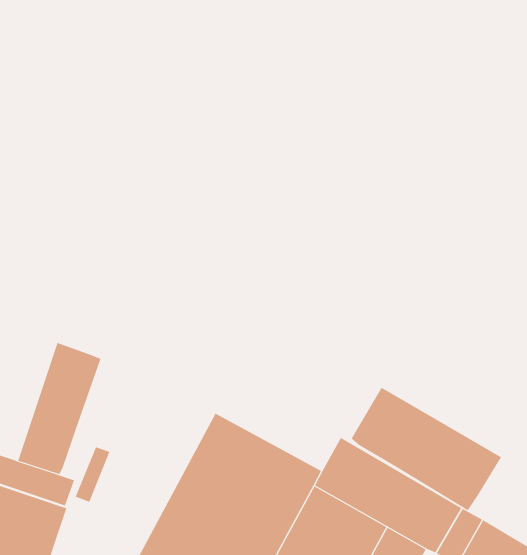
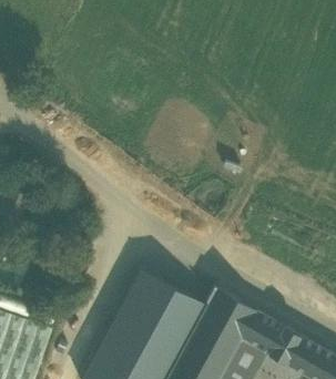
building: [18,342,101,475] -> none
building: [351,387,502,511] -> none

